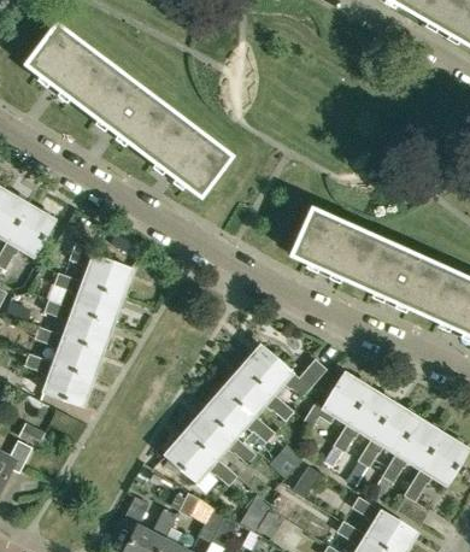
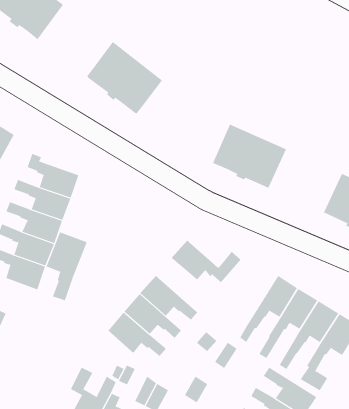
building: [82,64,171,149] -> none
building: [358,236,445,312] -> none
building: none -> [46,231,88,301]
building: [223,366,293,419] -> none
building: [302,372,369,427] -> none

